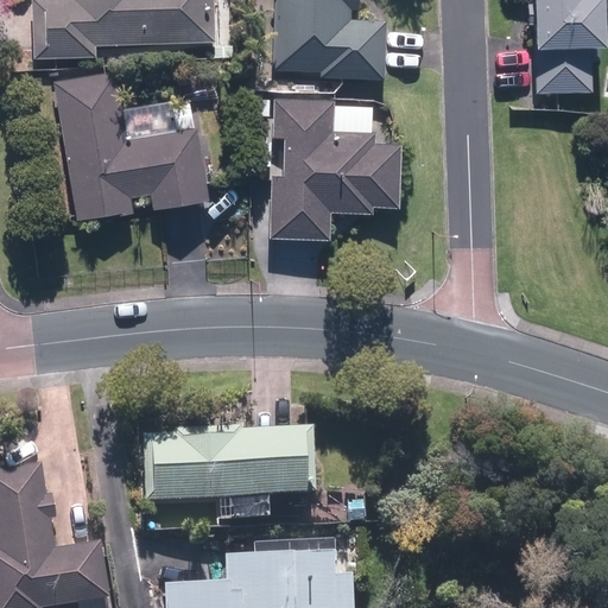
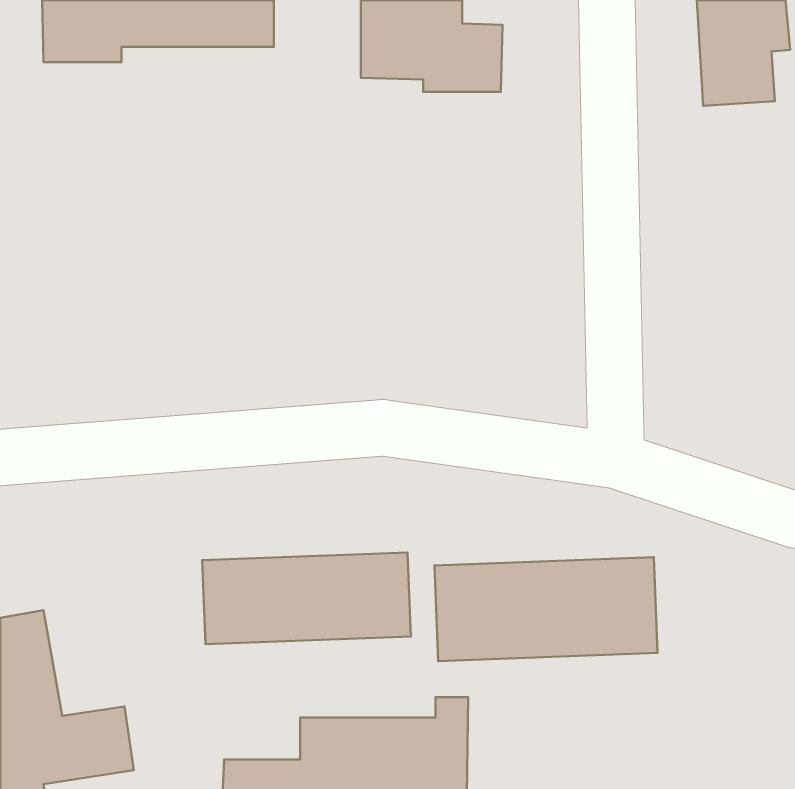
building: [58,74,200,216] -> none
building: [268,100,397,241] -> none
building: none -> [434,557,658,661]

